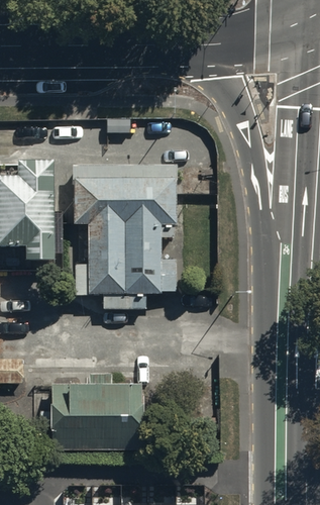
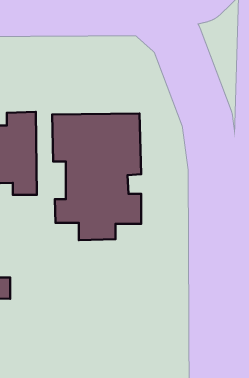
building: [52,385,143,451] -> none

